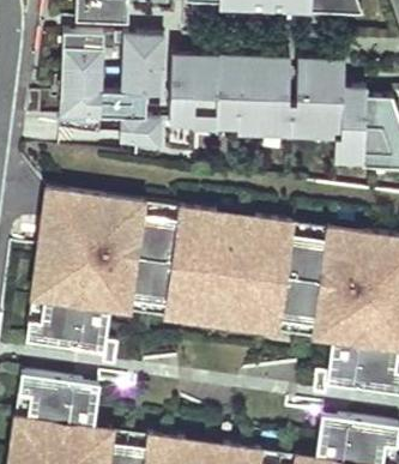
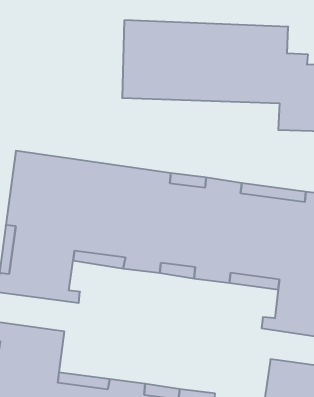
building: [60,34,162,146] -> none

